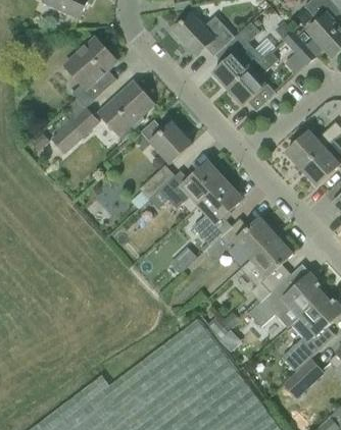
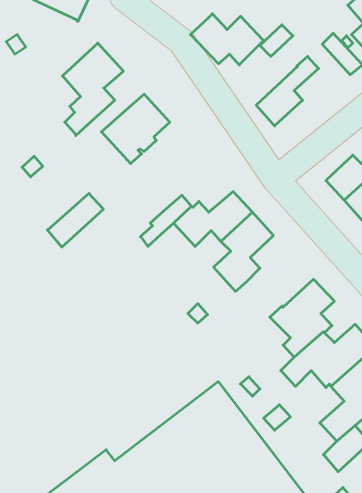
building: [212,50,262,90] -> none
building: [51,107,98,152] -> [47,193,103,247]
building: [150,122,192,164] -> none
building: [220,218,276,259] -> none

